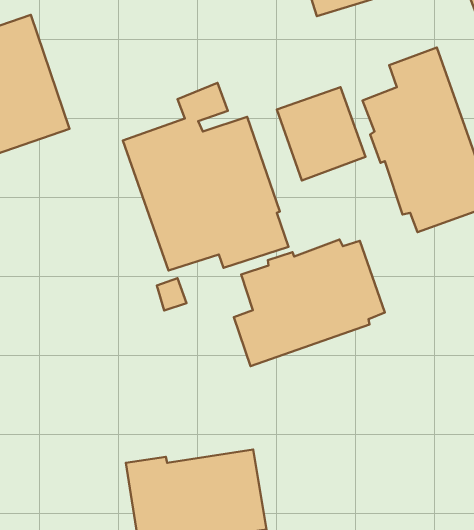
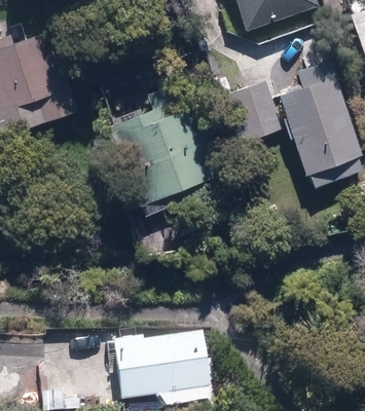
building: [234,239,385,366] -> none

